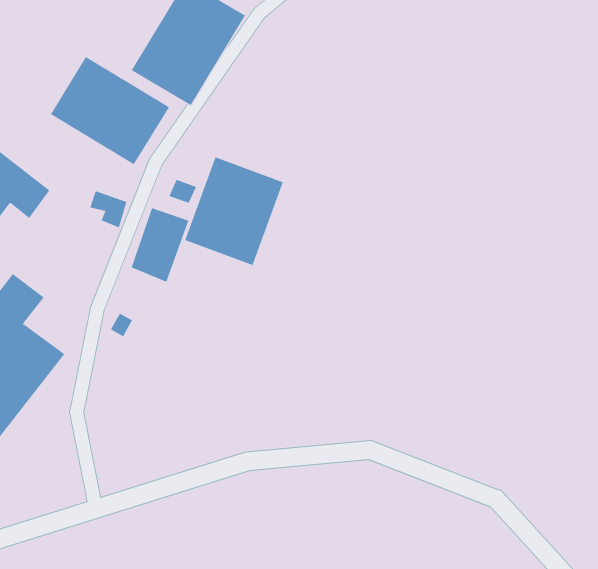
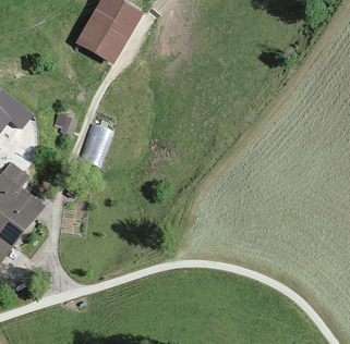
building: [50,56,170,165] -> none
building: [184,156,283,266] -> none

